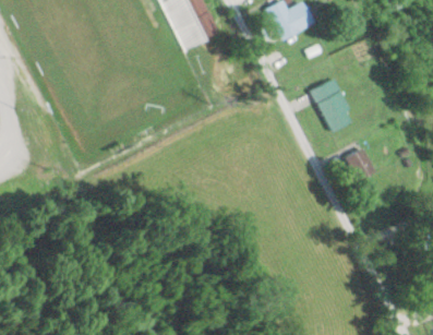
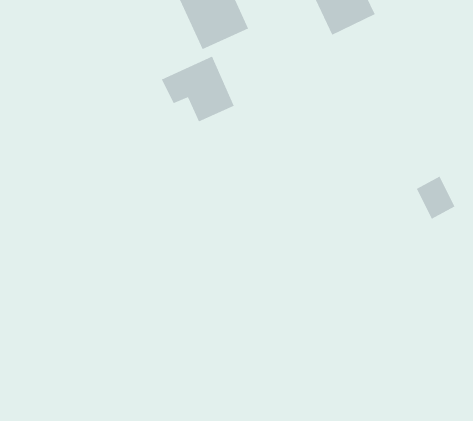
building: none -> [161,55,235,123]
building: [312,77,353,131] -> none

